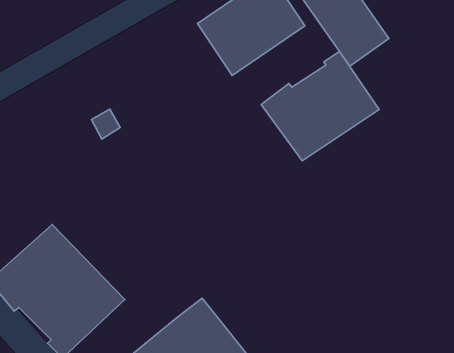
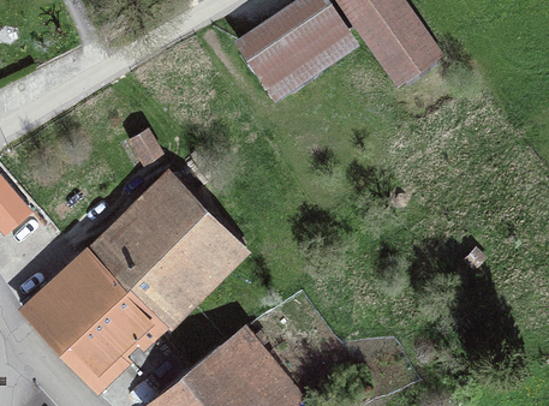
building: [261,52,379,161] -> none
building: none -> [88,173,246,328]

